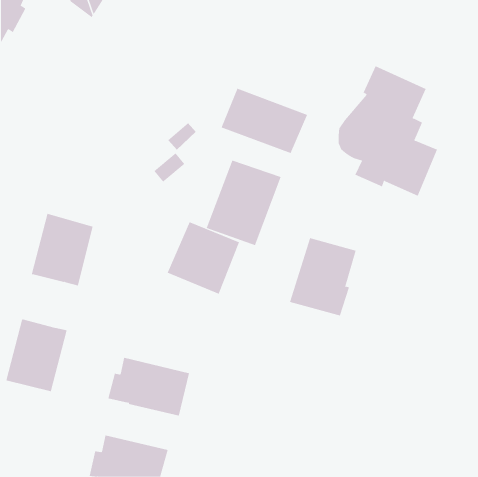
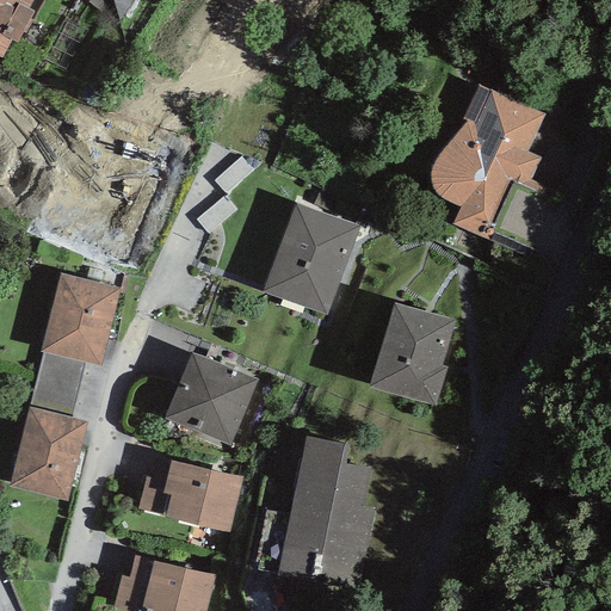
building: [221,88,308,154] -> none
building: [167,222,240,294] -> [163,352,257,445]
building: none -> [29,351,82,418]
building: none -> [280,436,371,588]

